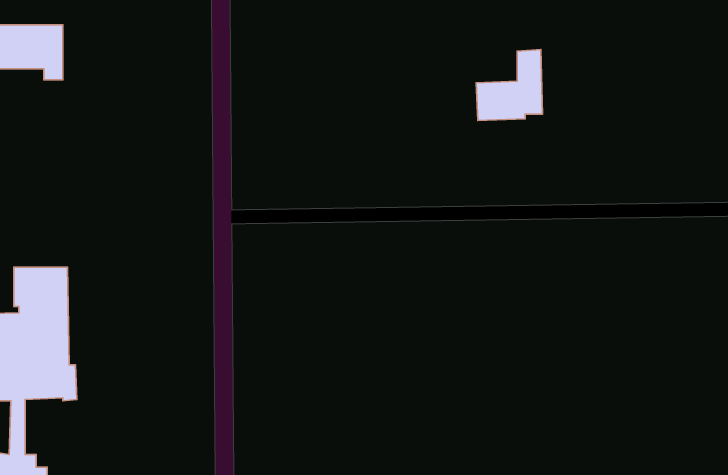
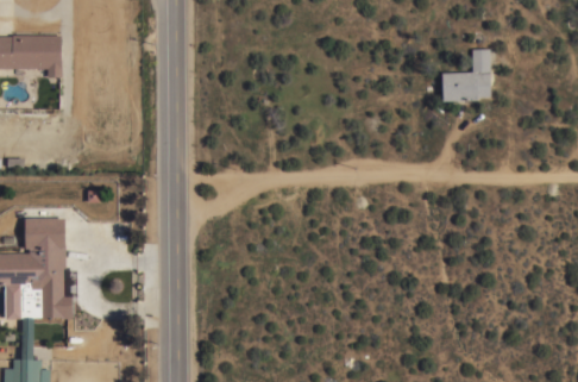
building: [476,50,542,121] -> [440,48,490,101]

